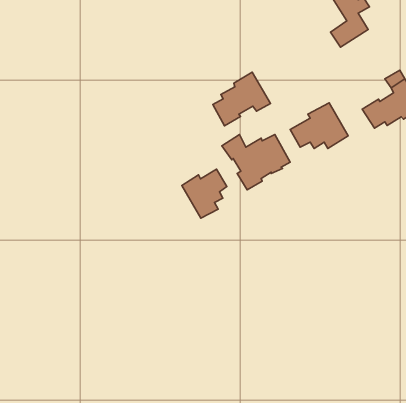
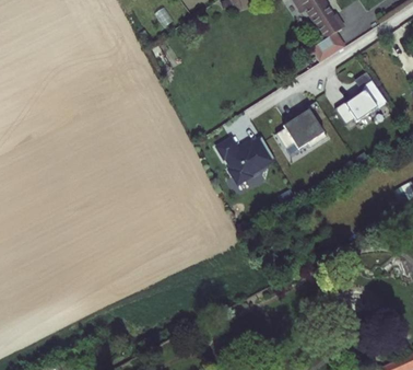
building: [213,72,270,126] -> none
building: [182,169,227,218] -> none

